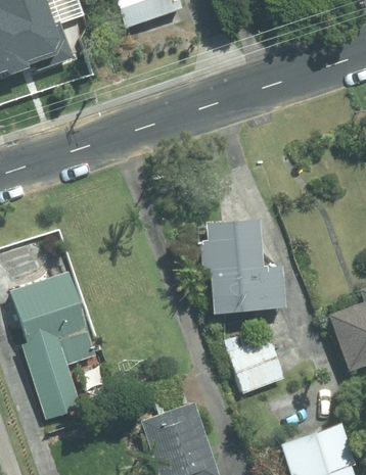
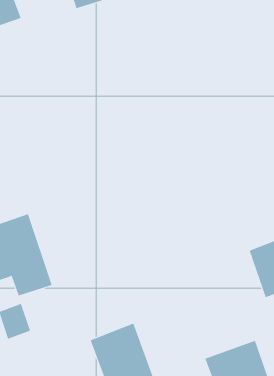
building: [194,220,268,316] -> none
building: [227,337,285,394] -> none

